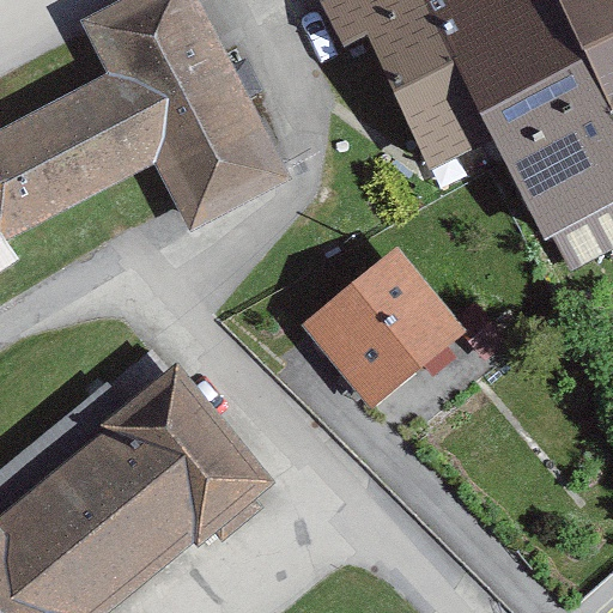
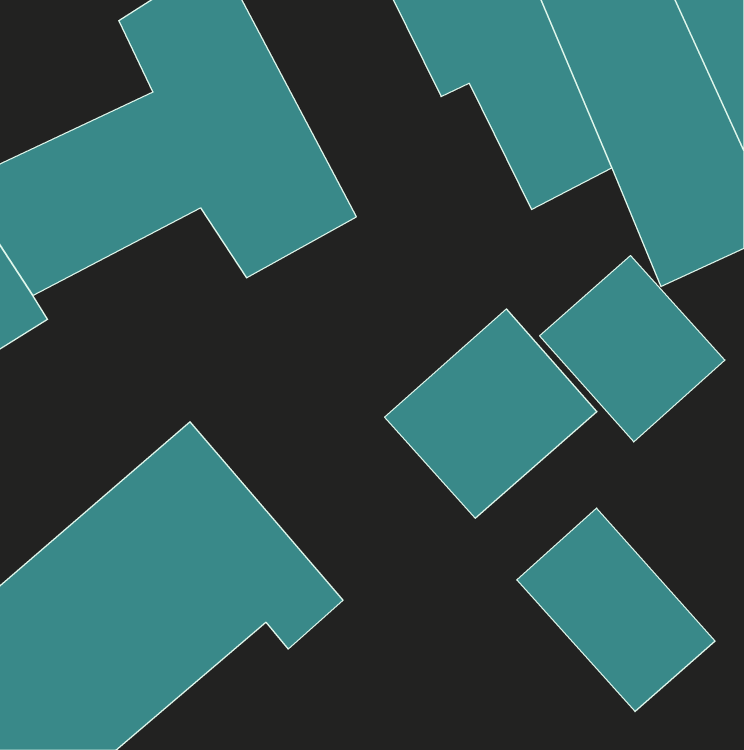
building: none -> [540,256,725,442]
building: none -> [517,508,715,712]

